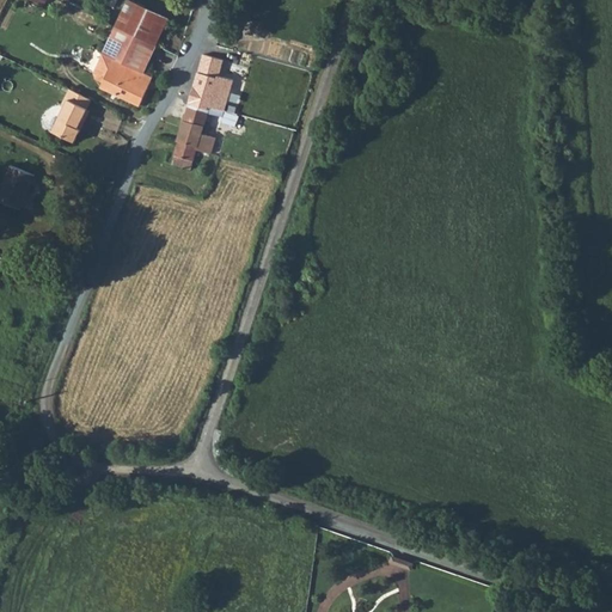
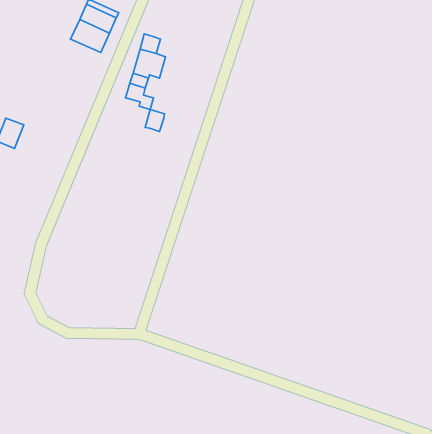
building: [91,55,152,109] -> none
building: [51,88,90,143] -> none
building: [170,137,197,169] -> [145,110,165,132]

